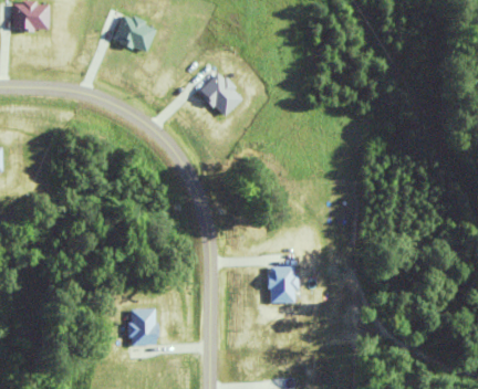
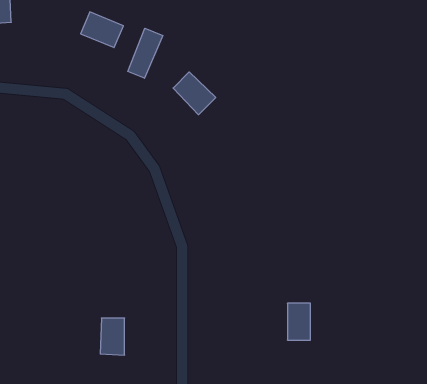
building: none -> [128,28,163,78]
building: [272,266,294,302] -> [287,303,310,340]

